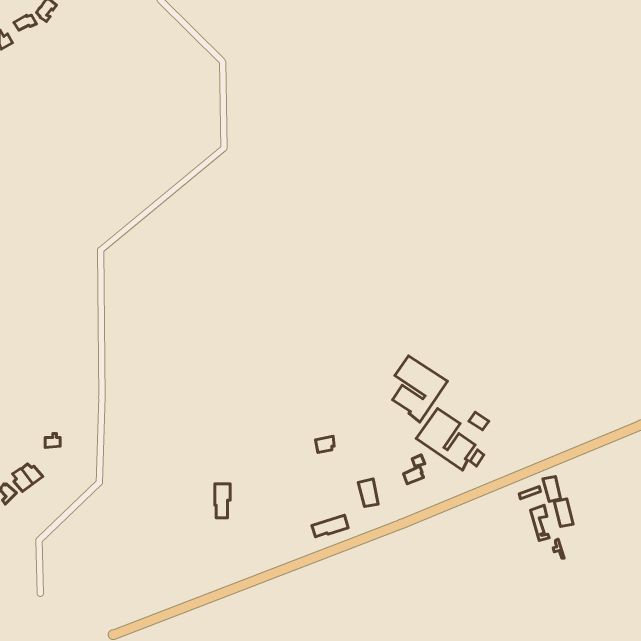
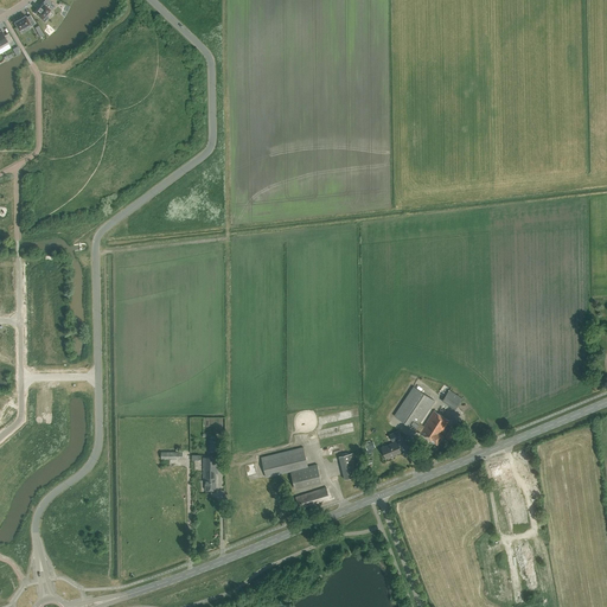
building: [392,356,447,422] -> none
building: none -> [260,446,320,488]

